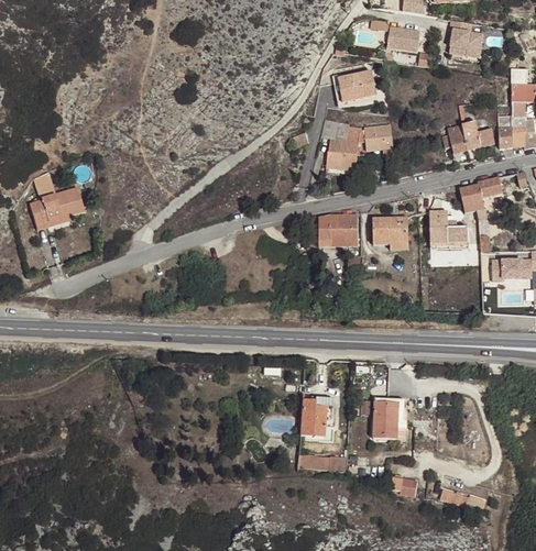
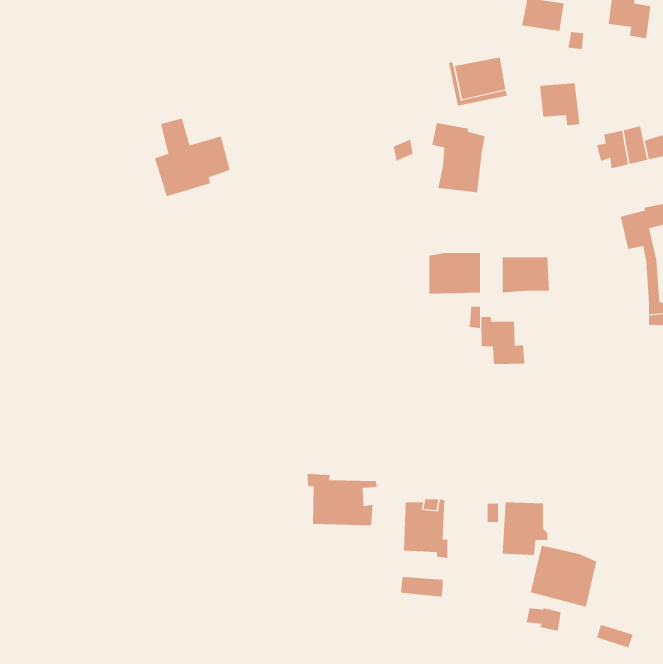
building: [363,124,393,156] -> [540,83,580,126]
building: [30,170,86,229] -> [154,118,230,197]
building: [428,211,468,243] -> none
building: none -> [481,316,525,365]
building: none -> [307,473,378,526]
building: none -> [530,545,597,607]

